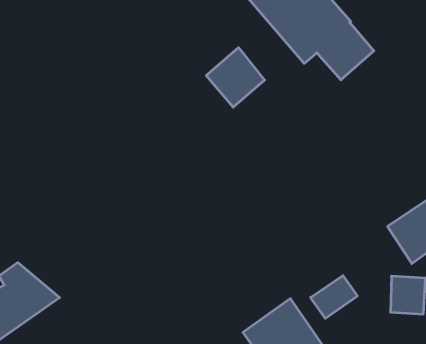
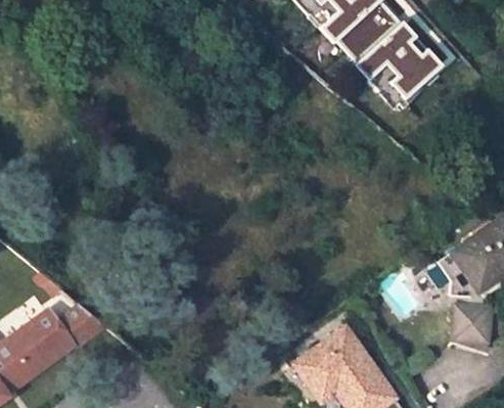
building: [206,48,265,107] -> none
building: [311,276,357,318] -> none

